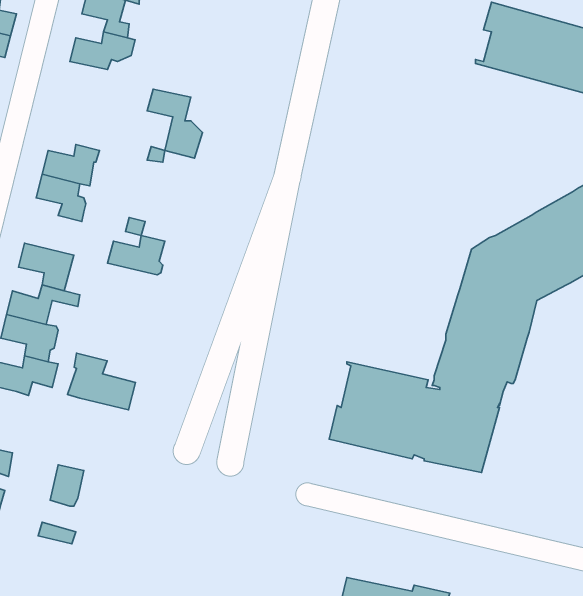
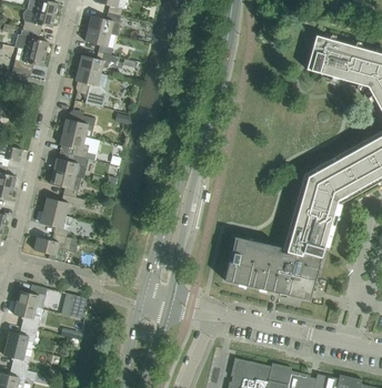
building: [147,89,203,158] -> [76,69,107,108]
building: [108,235,165,275] -> [53,155,86,177]
building: [67,353,135,410] -> none

